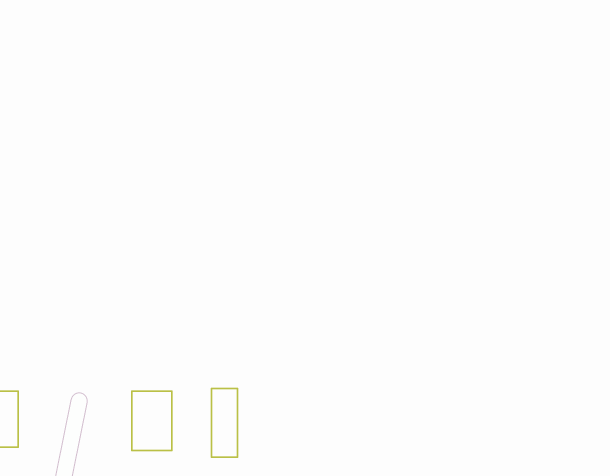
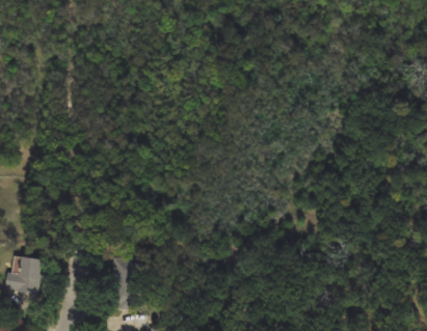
building: [211,388,238,457] -> none

